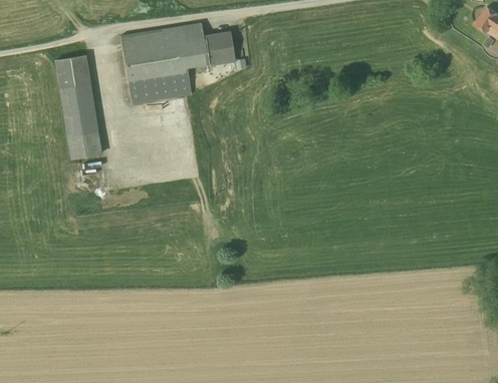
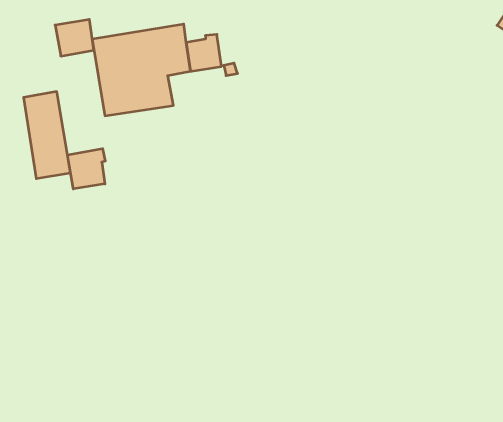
building: [55,55,89,87] -> [55,19,94,56]
building: none -> [68,149,105,189]

